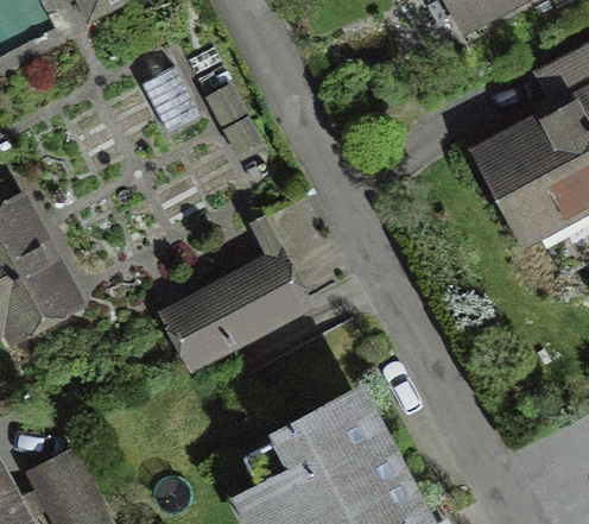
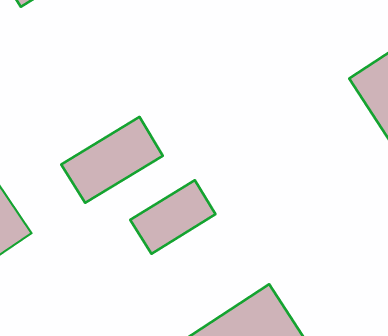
building: none -> [61,117,163,203]

